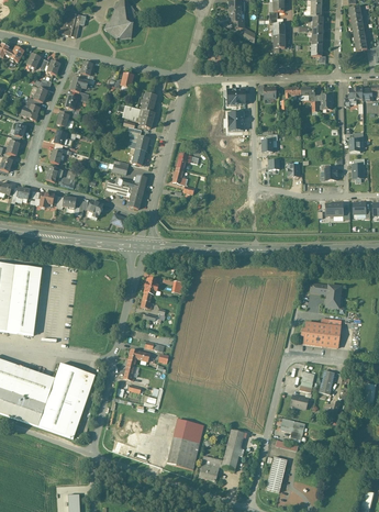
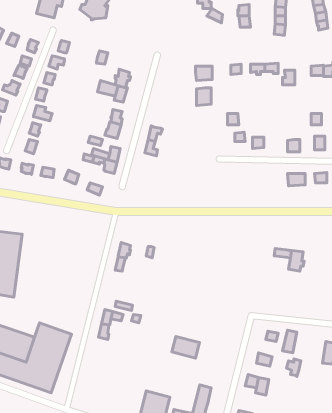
building: [301,318,339,347] -> none
building: [174,419,203,442] -> [172,336,200,358]

